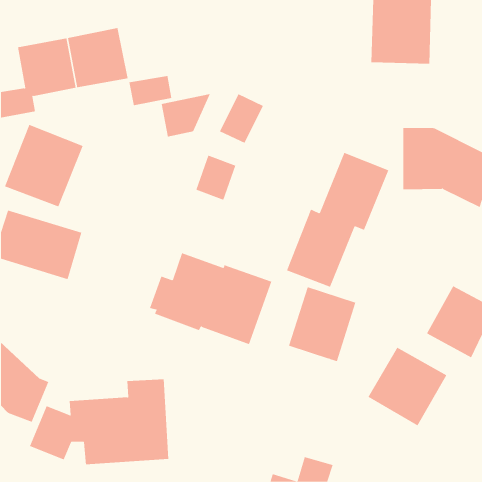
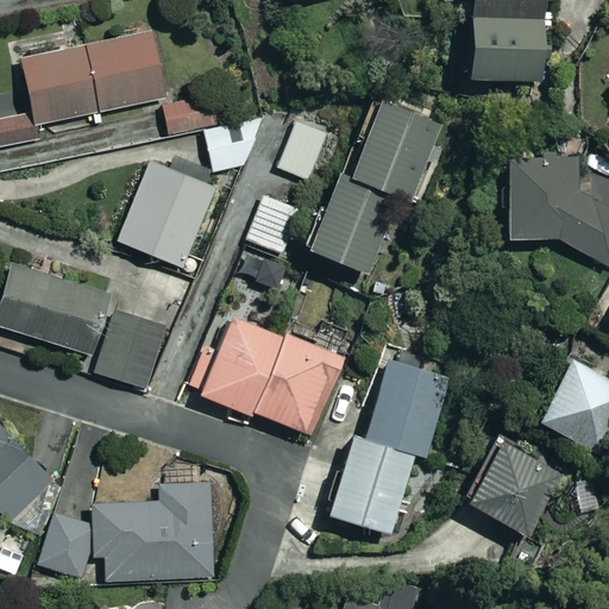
building: [4,124,84,207] -> [119,163,219,268]
building: [286,152,389,287] -> [308,101,438,271]
building: none -> [95,310,167,388]
building: none -> [327,433,415,533]

